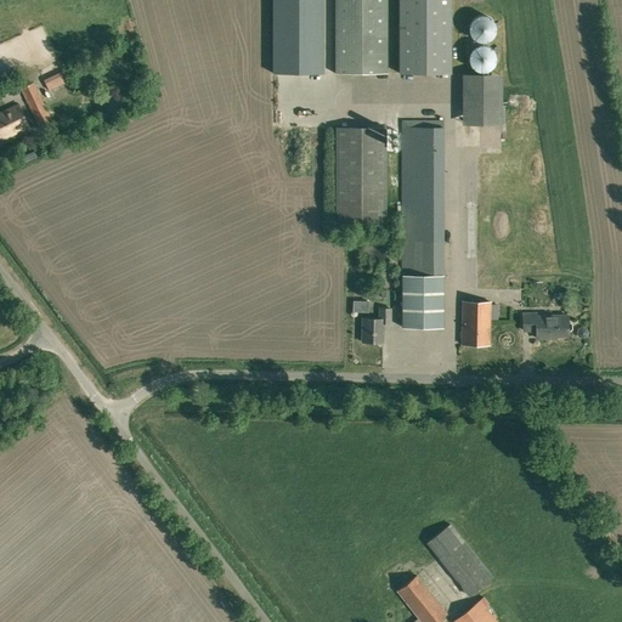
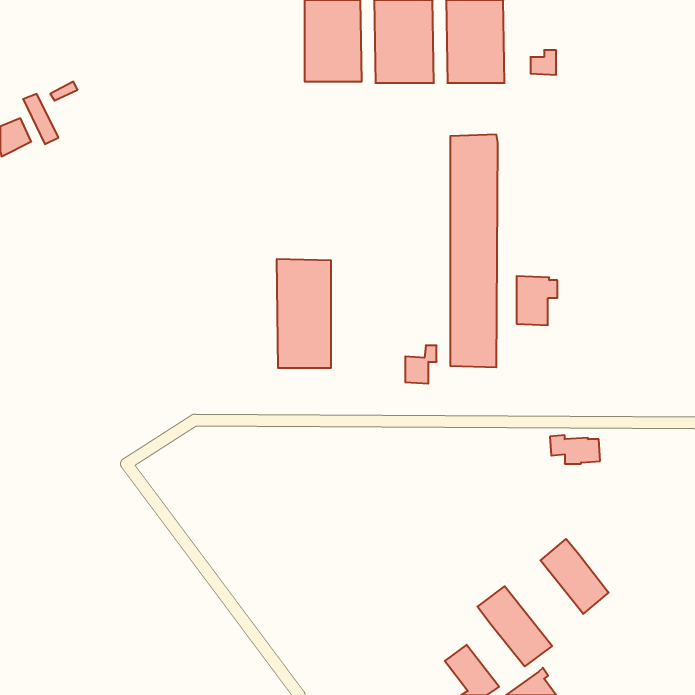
building: [471,17,498,44] -> none
building: [465,70,505,121] -> none
building: [337,128,385,225] -> [277,259,331,368]
building: [462,301,498,345] -> [517,276,557,325]
building: [524,312,569,338] -> [550,435,600,464]
building: none -> [540,539,609,614]

